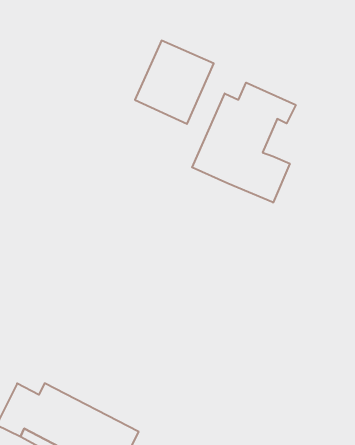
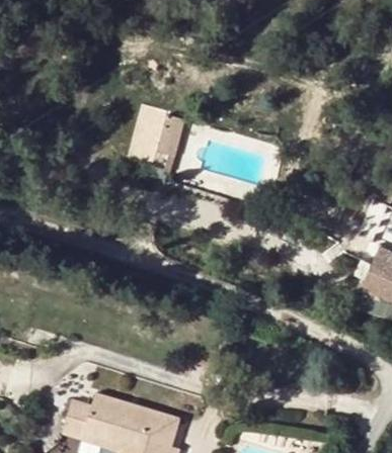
building: [192,83,296,203] -> none

